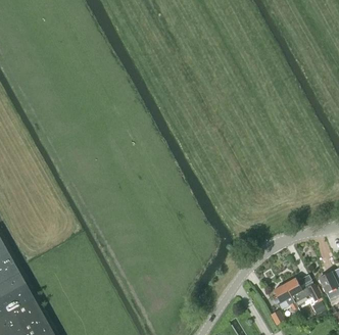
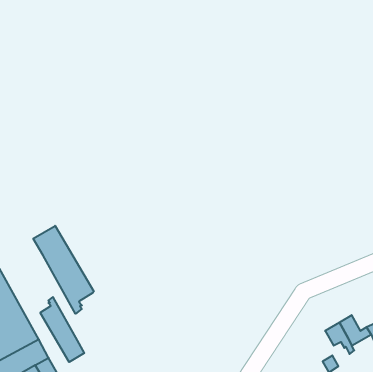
building: none -> [33,226,94,314]
building: none -> [40,297,84,362]

